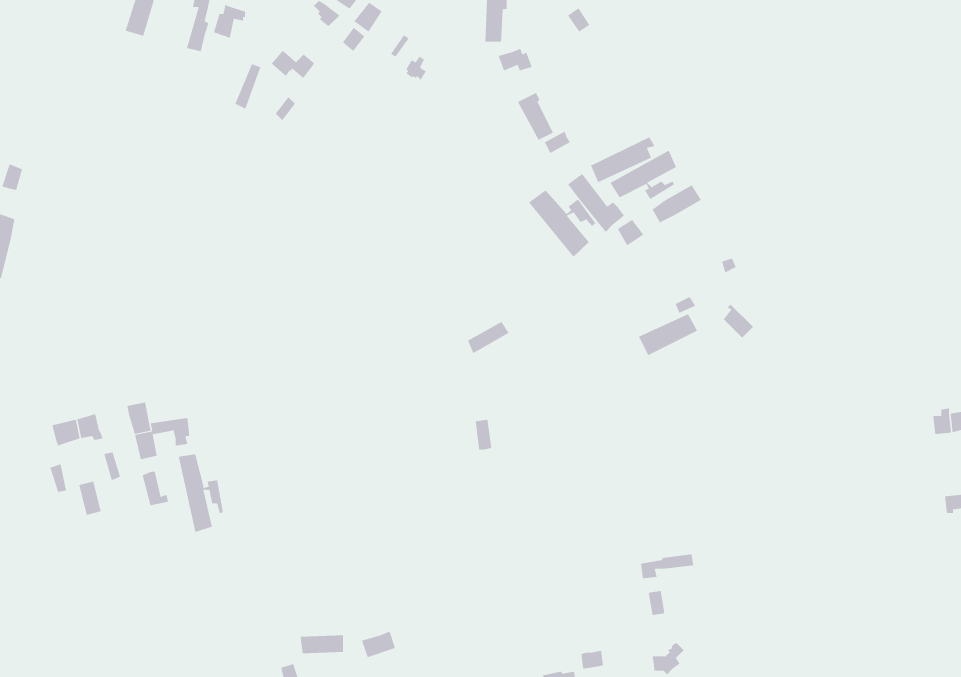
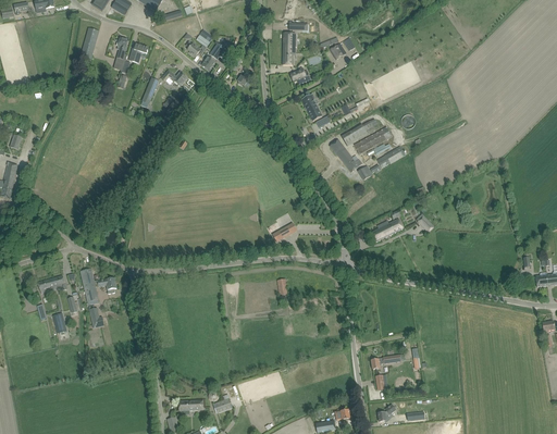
building: [528,189,596,258] -> none
building: [178,453,223,533] -> none

